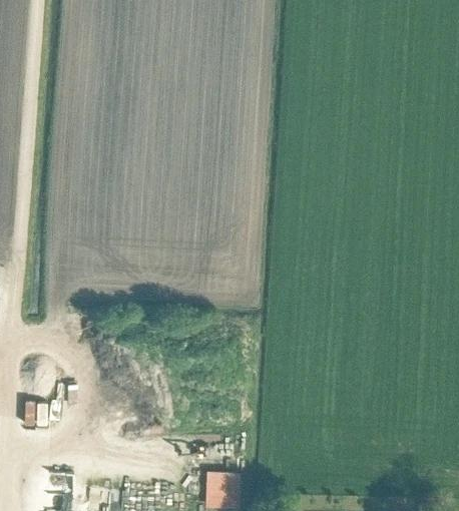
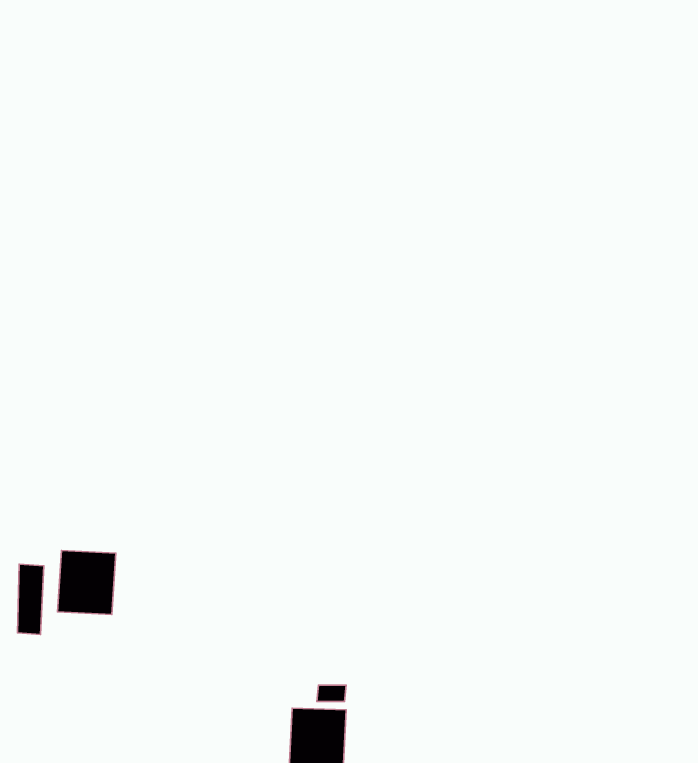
building: none -> [57,551,116,614]

